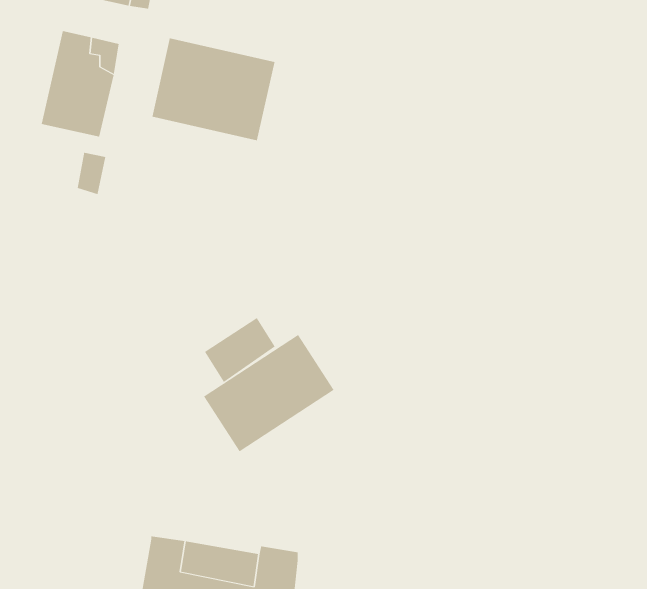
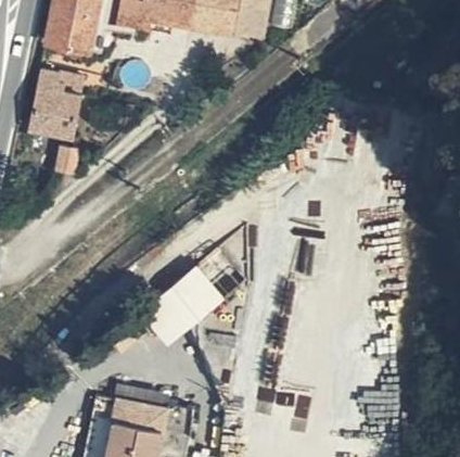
building: [152,38,275,141] -> none
building: [204,317,276,383] -> none

